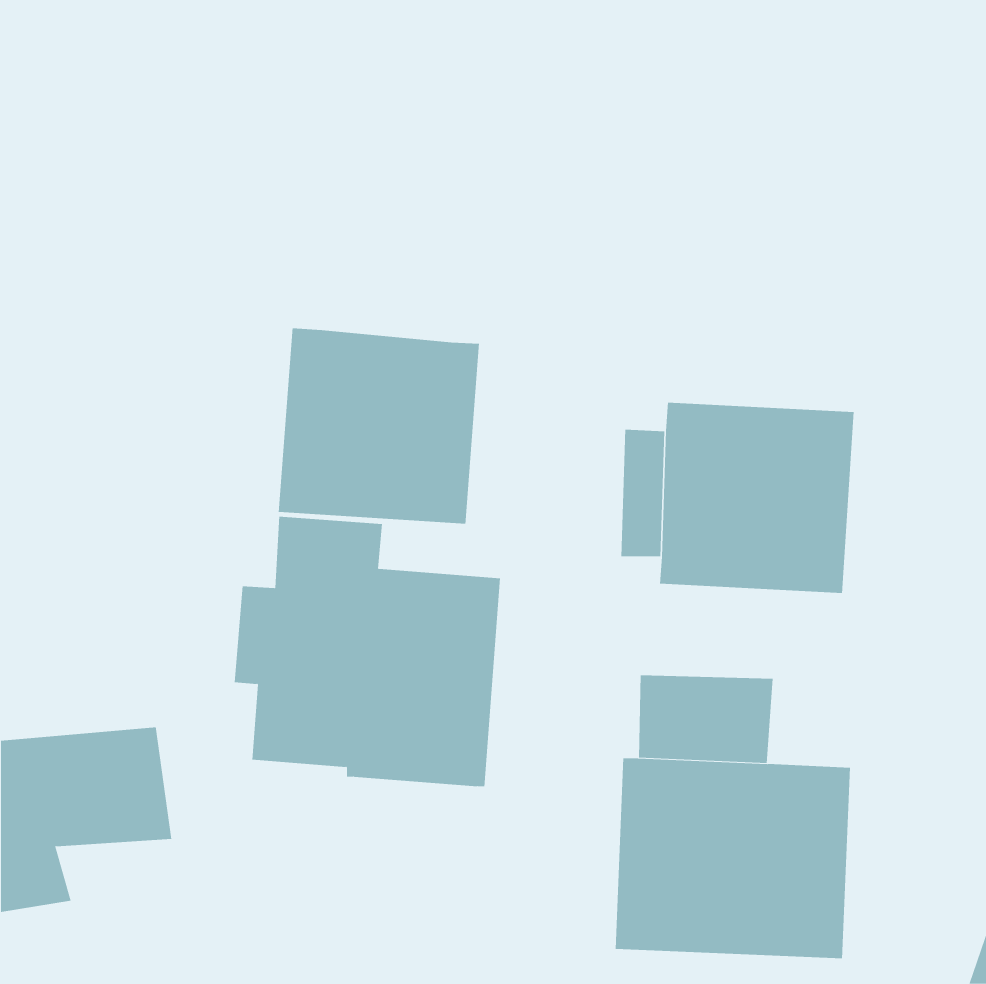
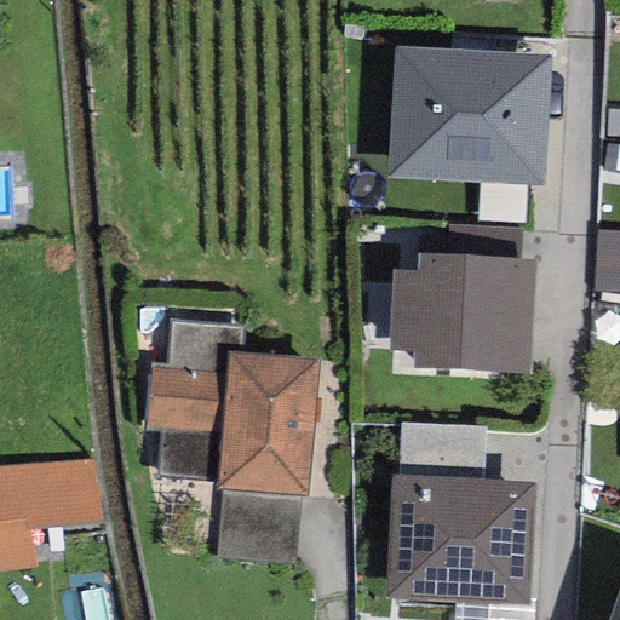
building: none -> [388,46,550,185]
building: [278,328,479,524] -> none
building: none -> [218,487,300,562]

